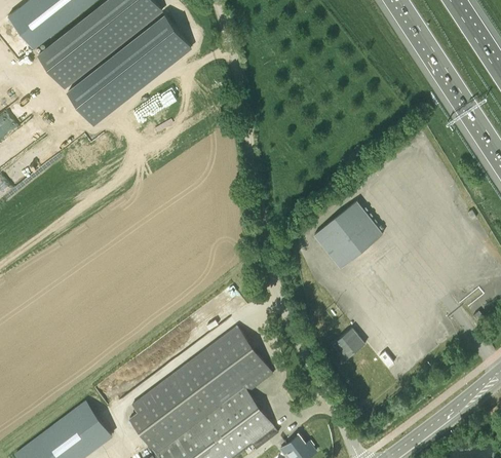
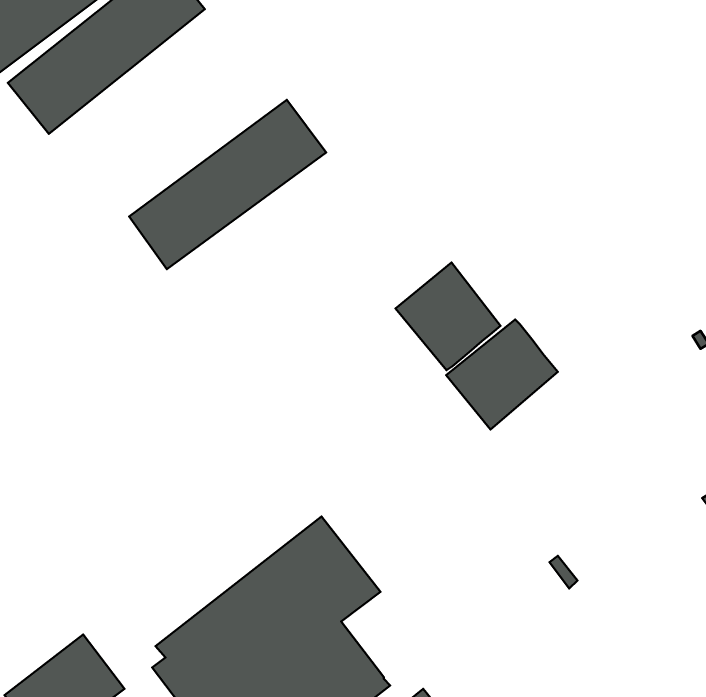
building: [65,20,188,125] -> [129,100,326,269]
building: none -> [395,263,501,370]
building: [331,327,363,359] -> none

